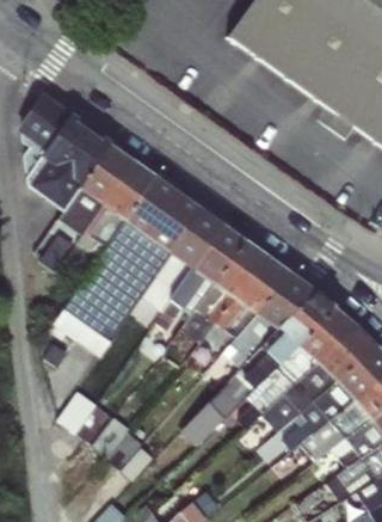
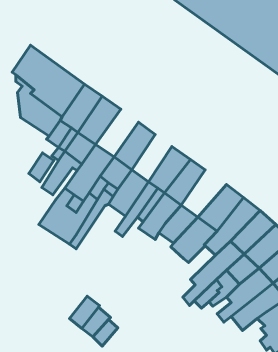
building: [127,177,181,238] -> none
building: [173,209,224,270] -> none
building: [236,254,295,315] -> none
building: [184,352,281,446] -> none
building: [60,392,111,442] -> none

